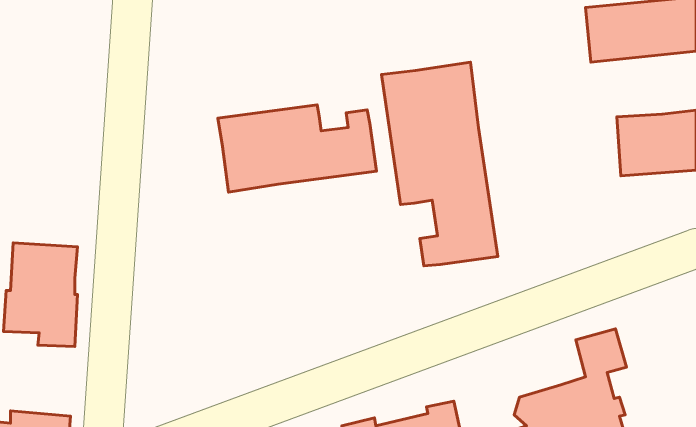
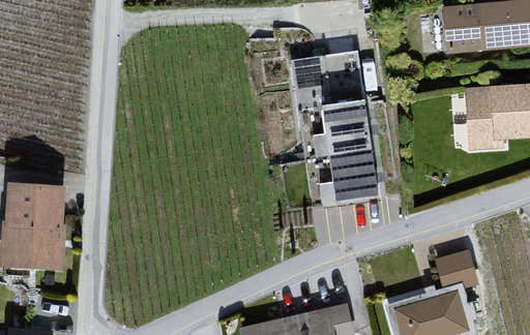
building: [218,105,376,192] -> none

